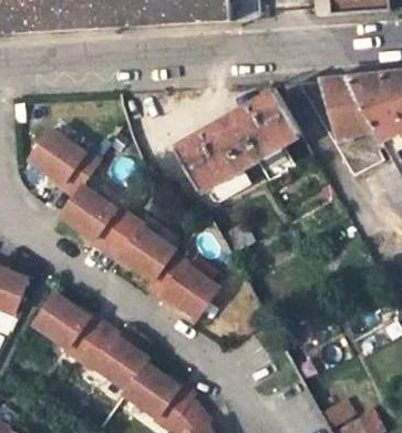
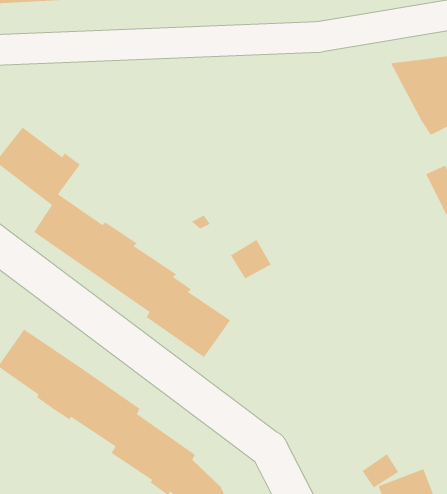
building: [296,76,391,173] -> none
building: [178,92,302,192] -> none

